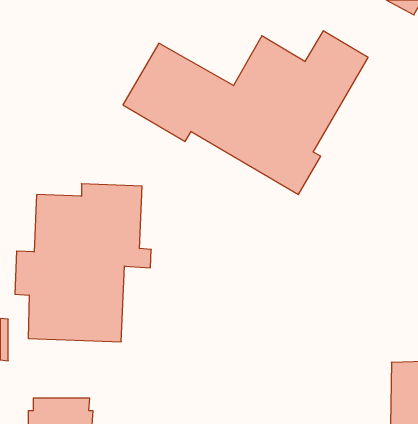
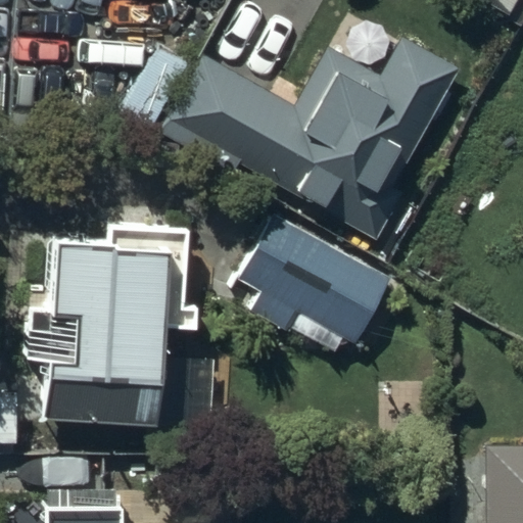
building: none -> [238,215,391,344]

